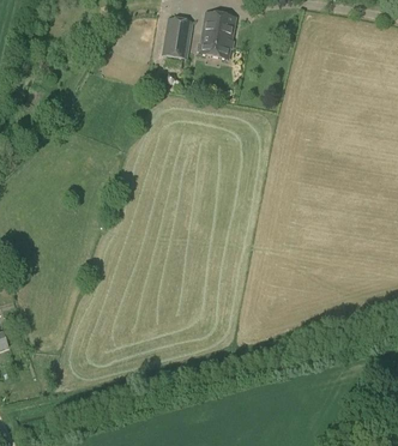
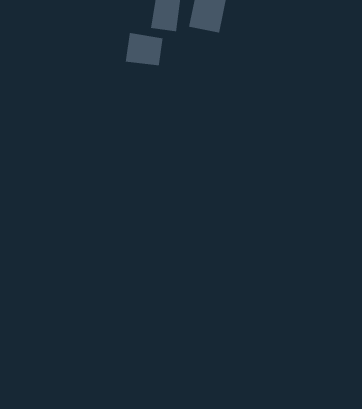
building: none -> [125,32,163,66]

